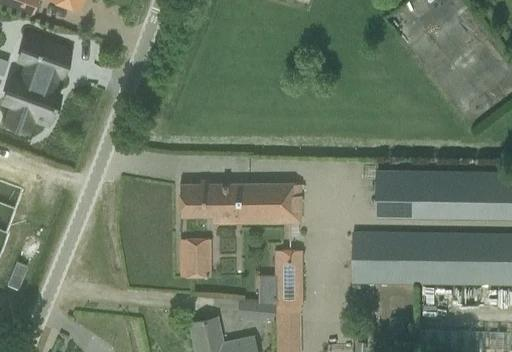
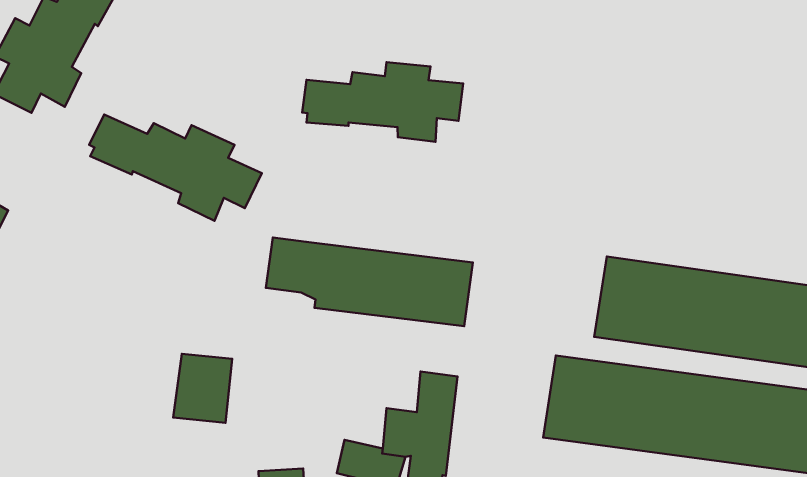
building: none -> [302,62,463,142]
building: none -> [89,114,262,221]
building: [179,238,210,277] -> [173,354,232,423]

